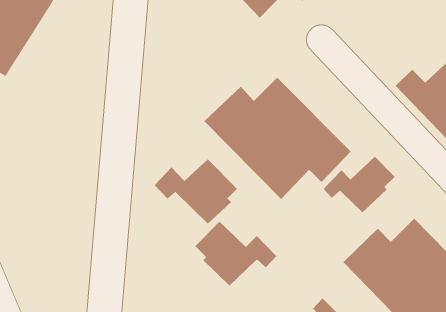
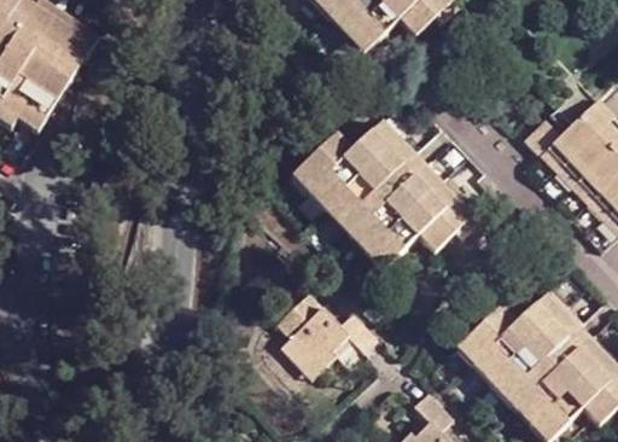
building: [323,156,395,213] -> none
building: [154,158,238,225] -> none

